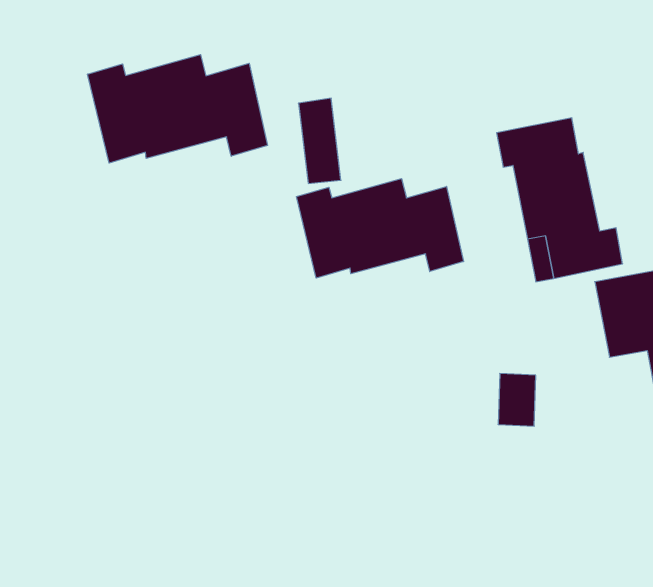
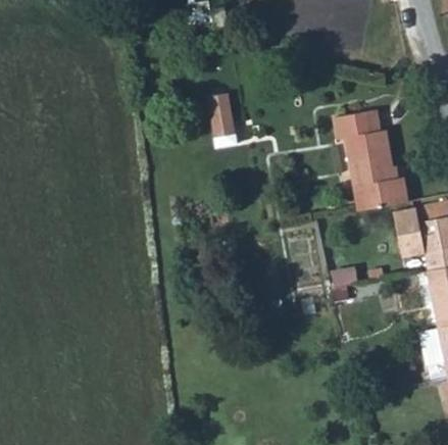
building: [88,55,268,163] -> none
building: [296,179,464,278] -> none

